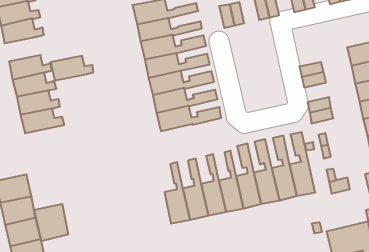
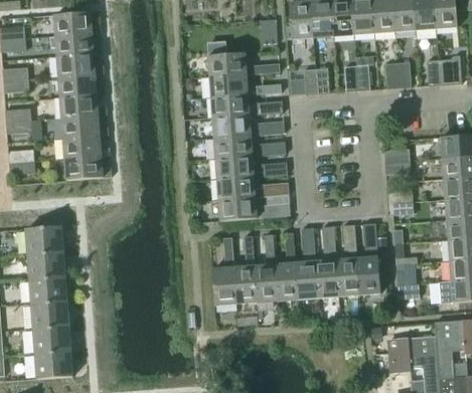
building: [50,56,93,80] -> [57,74,104,97]
building: none -> [217,197,289,221]
building: [34,204,68,241] -> none

